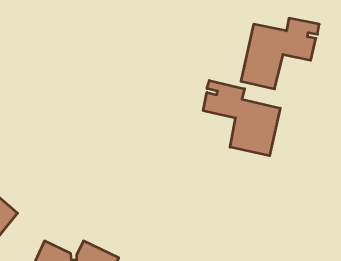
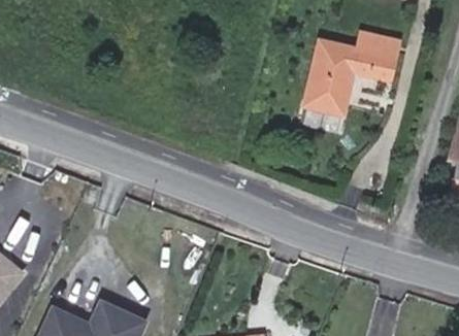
building: [203,80,280,156] -> none

